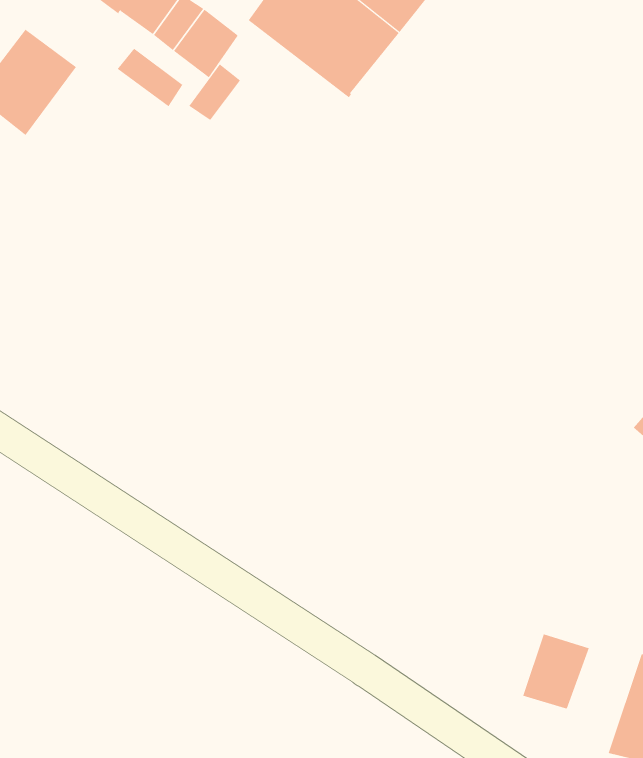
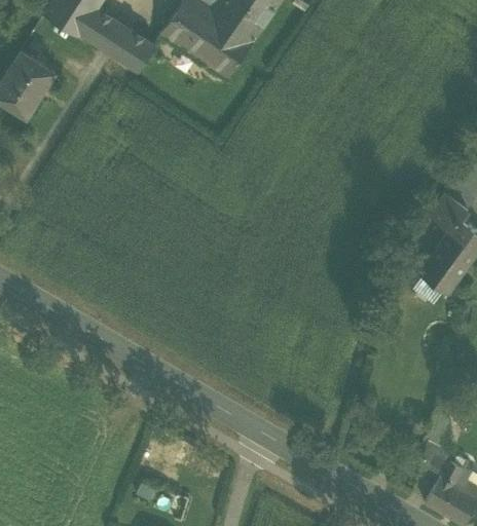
building: [117,48,183,107] -> none
building: [188,63,241,121] -> none
building: [522,633,589,709] -> none

